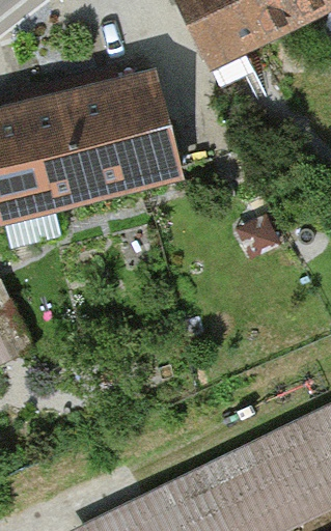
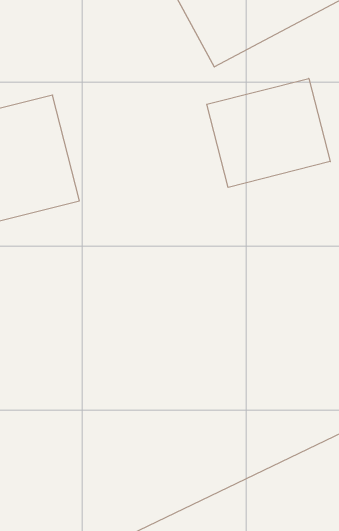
building: [63,77,171,196] -> none
building: none -> [207,78,330,187]

